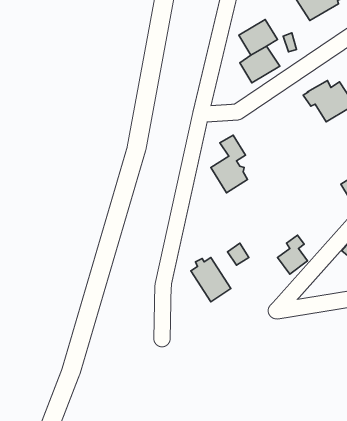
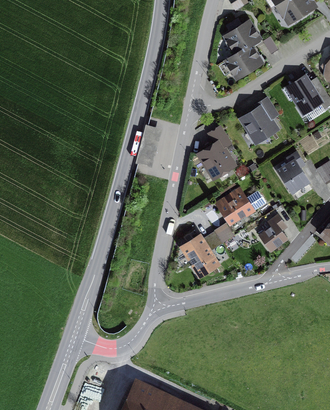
building: none -> [241,98,277,142]
building: none -> [277,152,308,193]
building: none -> [219,189,265,225]

